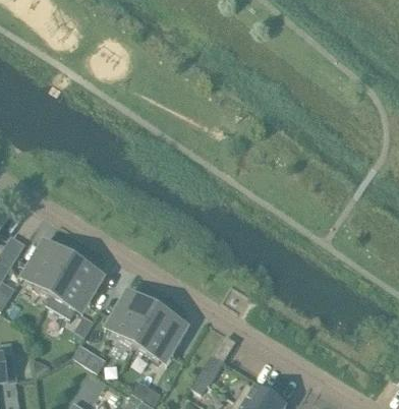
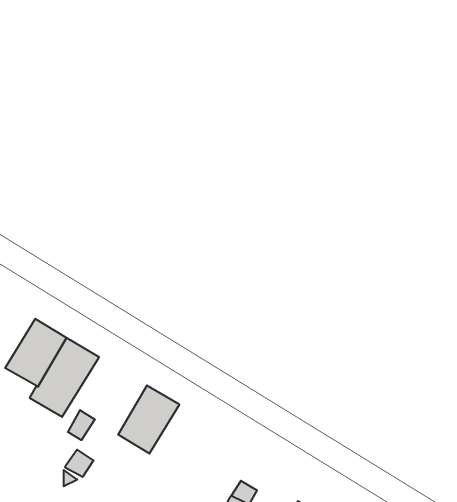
building: [135,309,181,360] -> none

